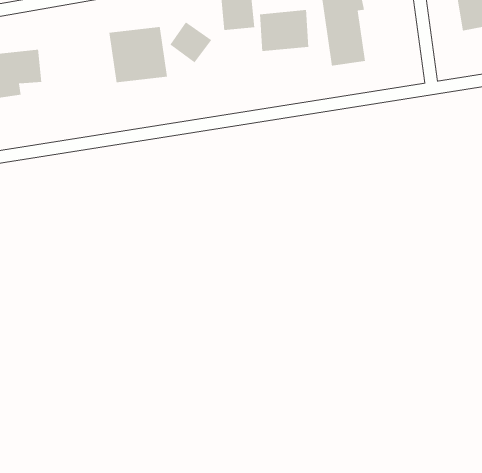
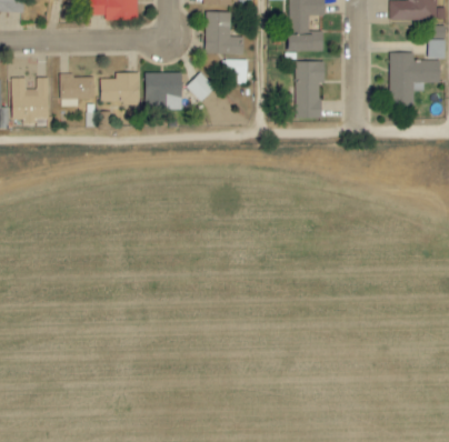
building: [260,9,309,52] -> none
building: none -> [100,72,139,103]

